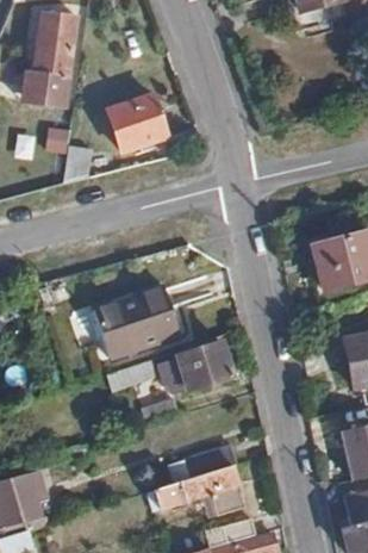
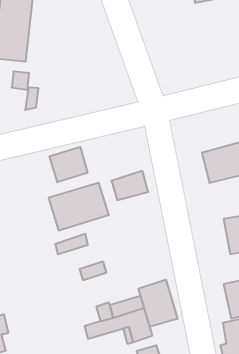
building: [107,95,164,150] -> none
building: none -> [49,147,87,182]
building: [176,342,229,384] -> [111,171,148,200]
building: none -> [139,280,177,327]

